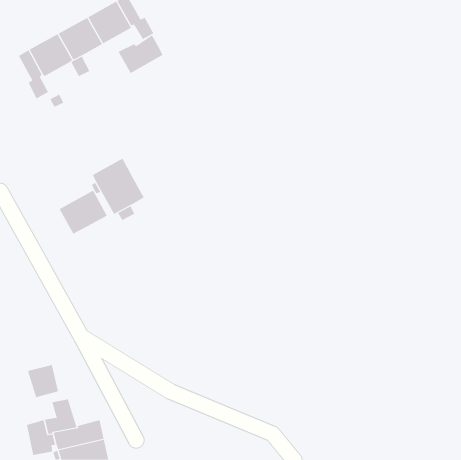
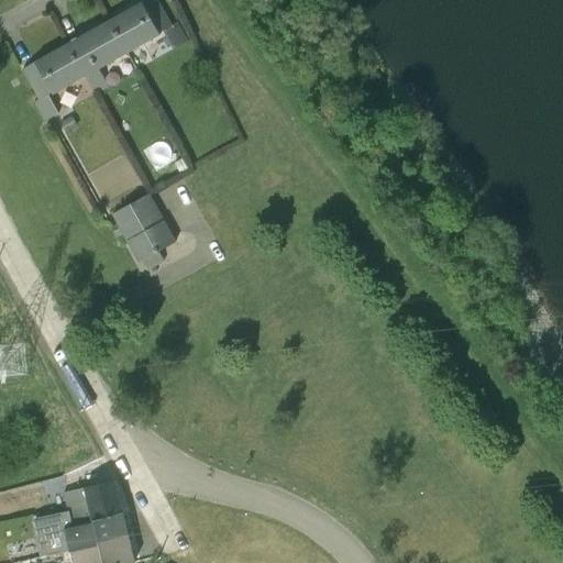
building: [118,35,163,74] -> none
building: [59,190,108,235] -> none
building: [27,364,59,398] -> [84,478,122,519]

